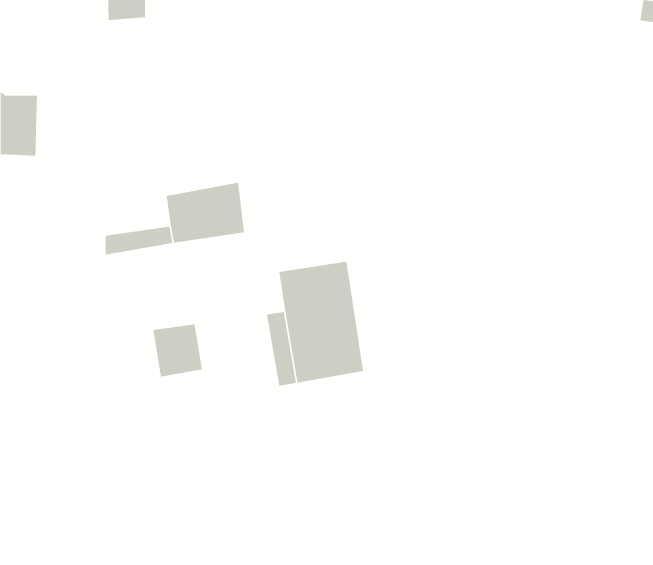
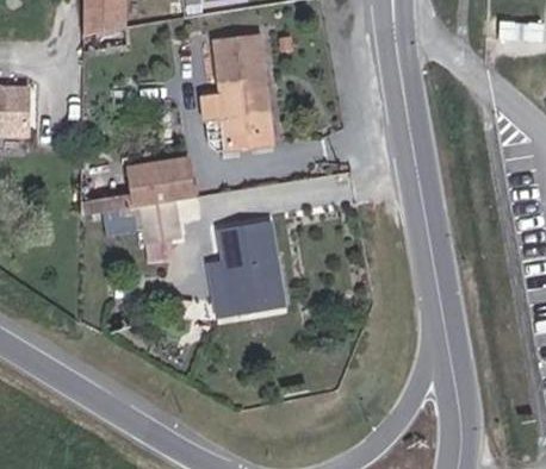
building: none -> [212,35,273,138]
building: [152,324,203,377] -> [141,201,180,243]

